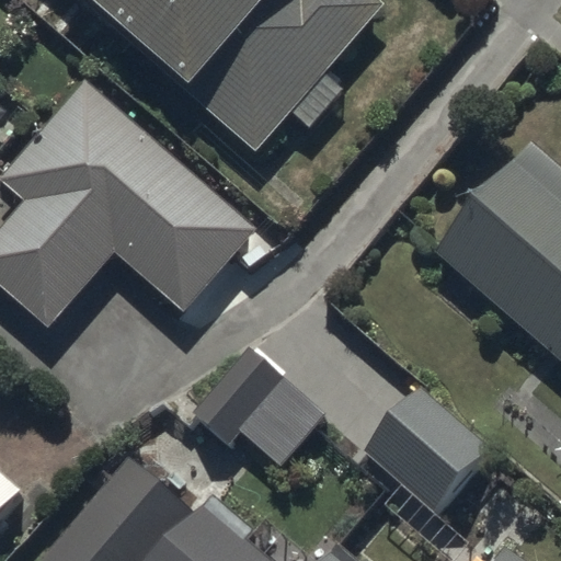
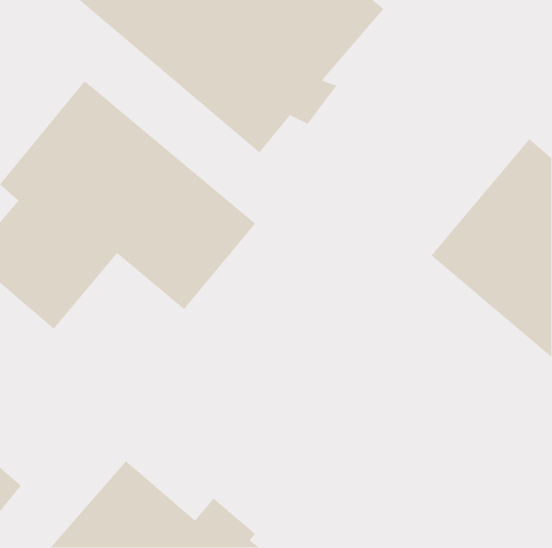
building: [185,342,327,469] -> none
building: [360,383,494,515] -> none

